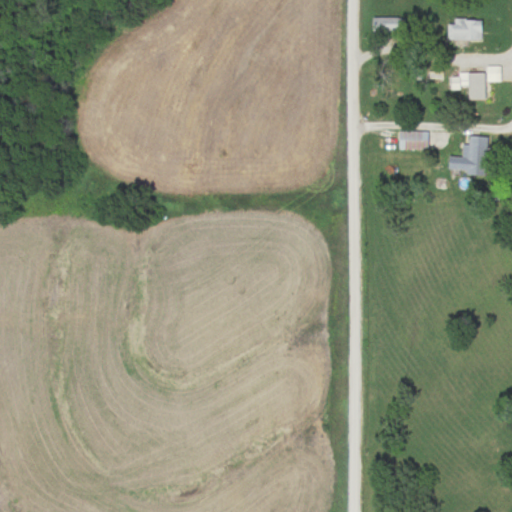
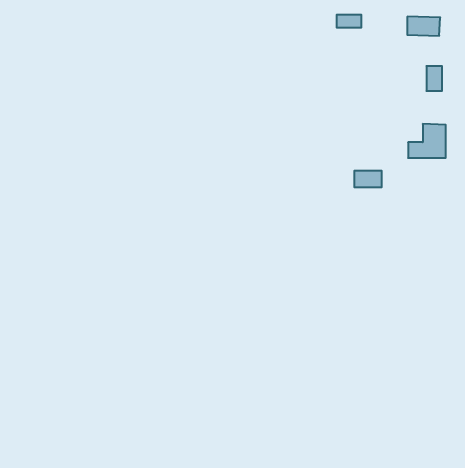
building: [399,131,429,149] -> [354,171,382,187]

